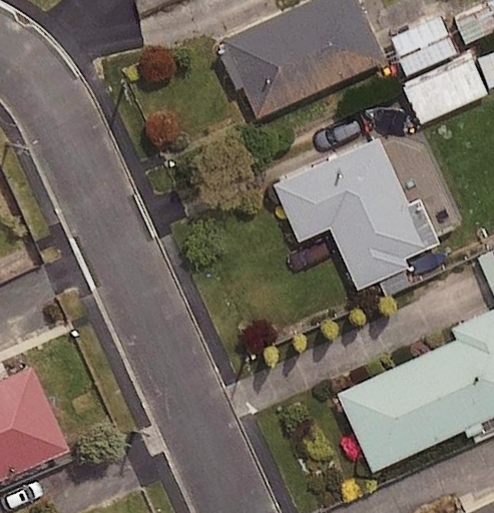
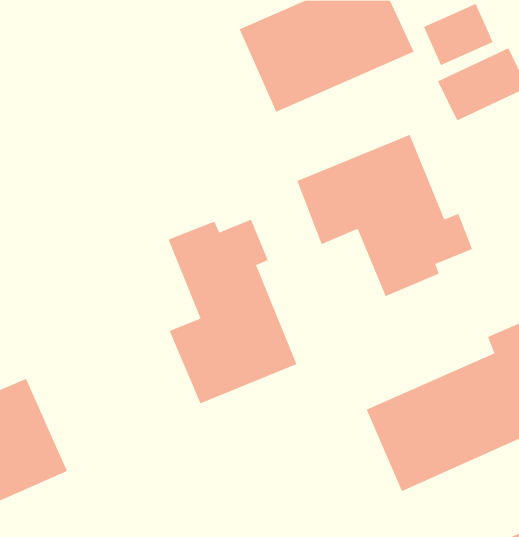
building: none -> [168,219,297,404]

